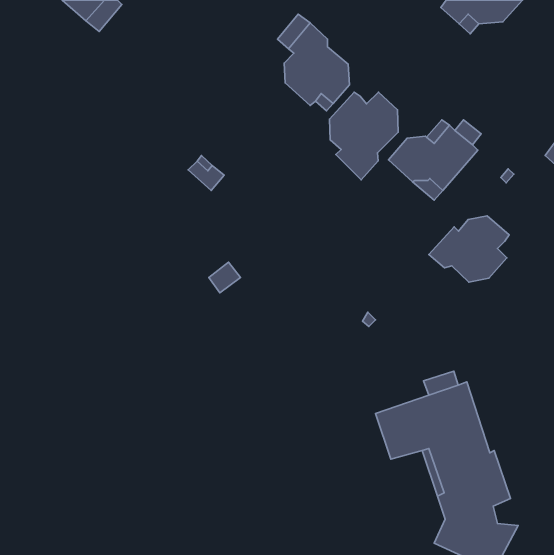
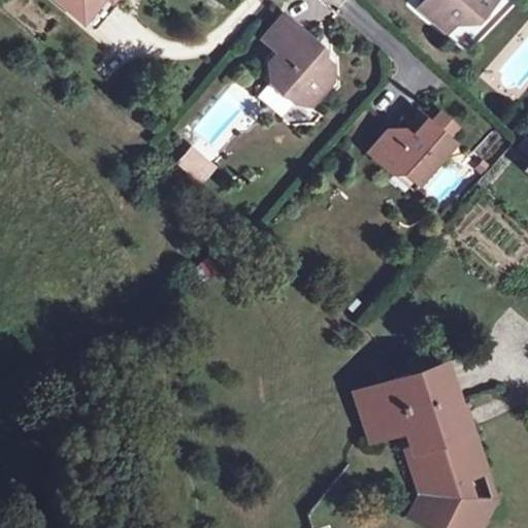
building: [329,92,398,180] -> none
building: [429,216,509,282] -> none

